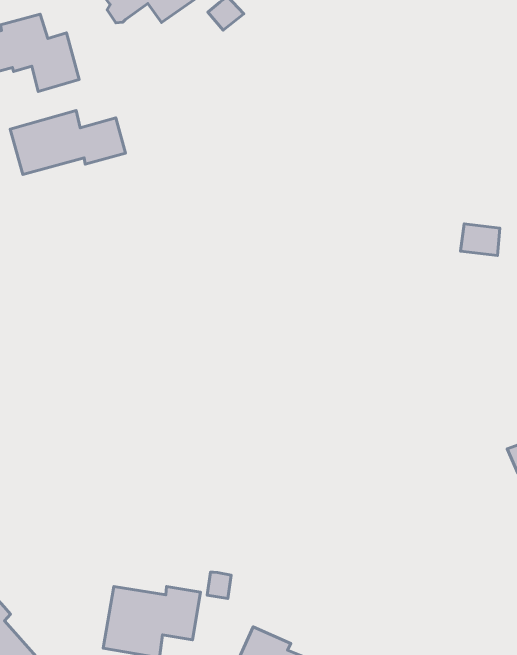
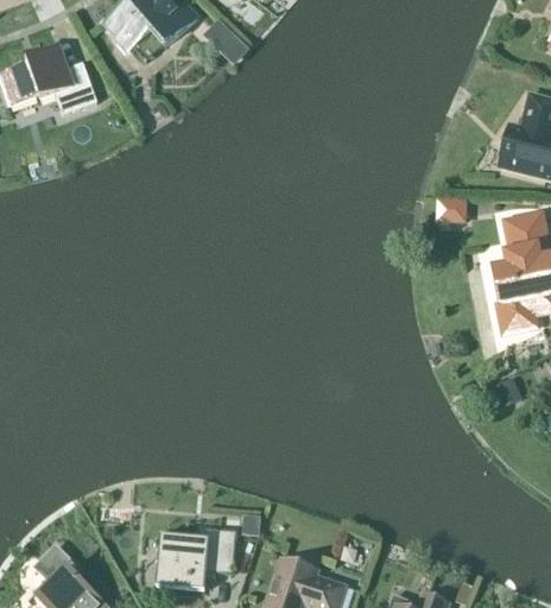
building: [10,110,125,175] -> none

